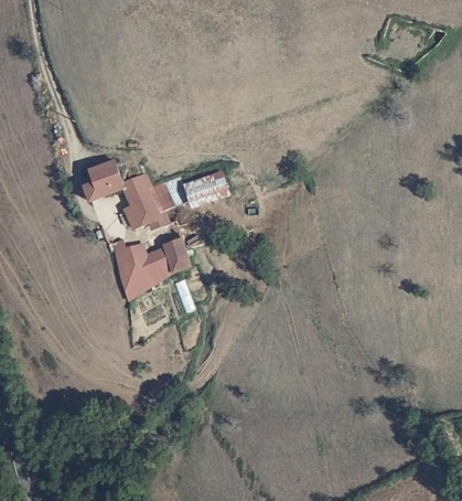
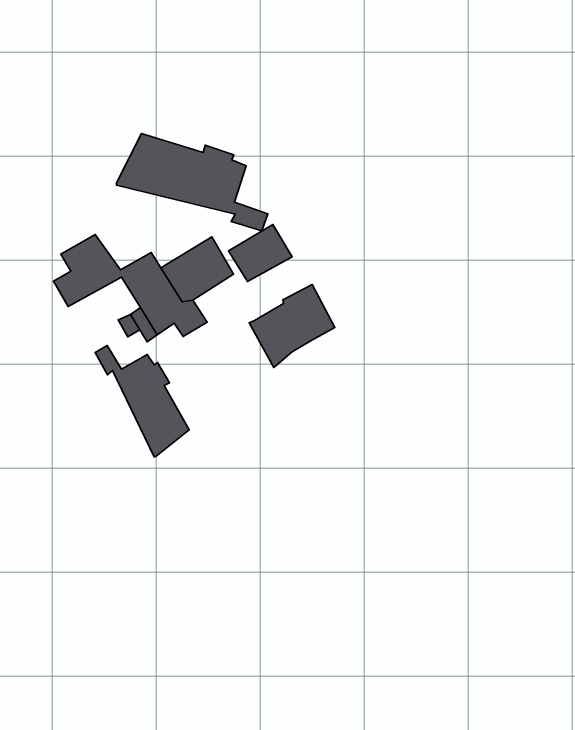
building: none -> [116,134,268,231]
building: [140,238,191,285] -> [249,285,335,367]

